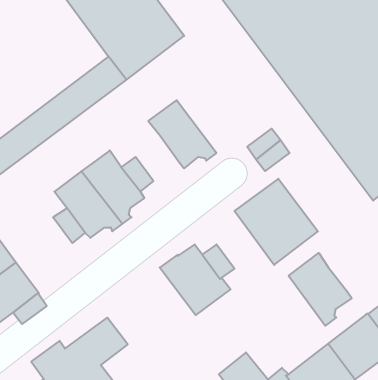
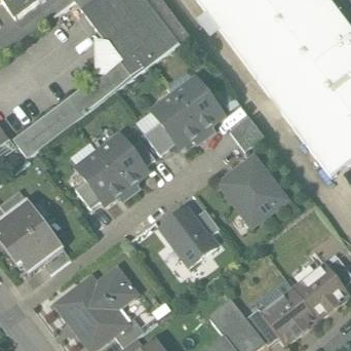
building: none -> [173,78,223,136]
building: none -> [144,122,176,155]
building: [289,253,352,326] -> none

